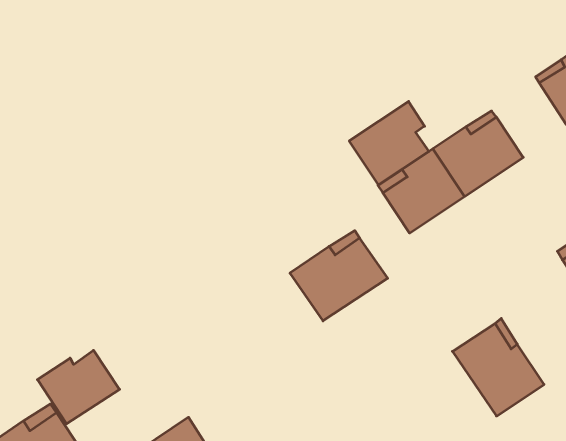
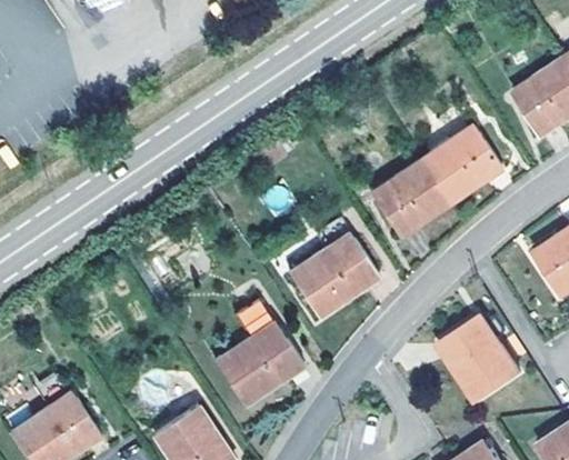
building: [349,101,429,185] -> none
building: none -> [214,298,303,403]
building: [37,350,120,424] -> none

